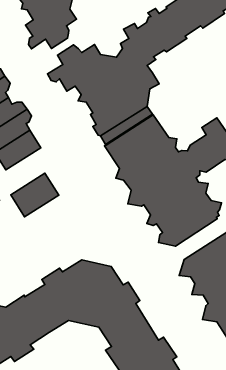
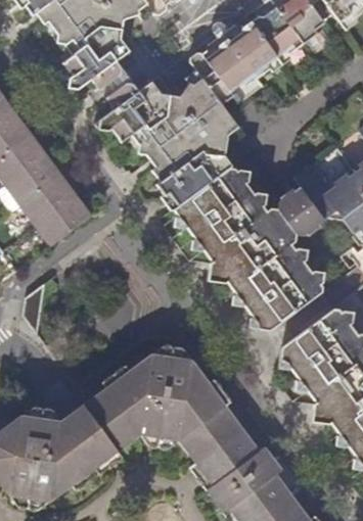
building: [11,173,59,217] -> none

